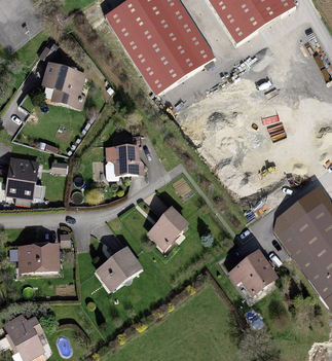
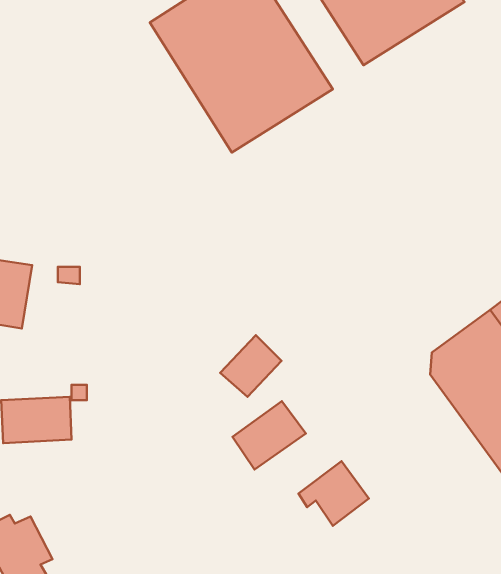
building: [42,64,84,107] -> none
building: [106,146,143,175] -> none
building: [97,247,141,288] -> [232,401,306,469]
building: [231,258,273,297] -> [299,461,369,526]

